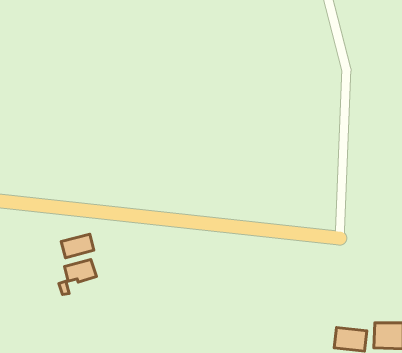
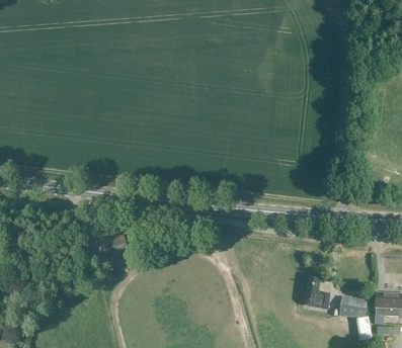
building: [61,234,94,258] -> none
building: none -> [305,276,331,309]

